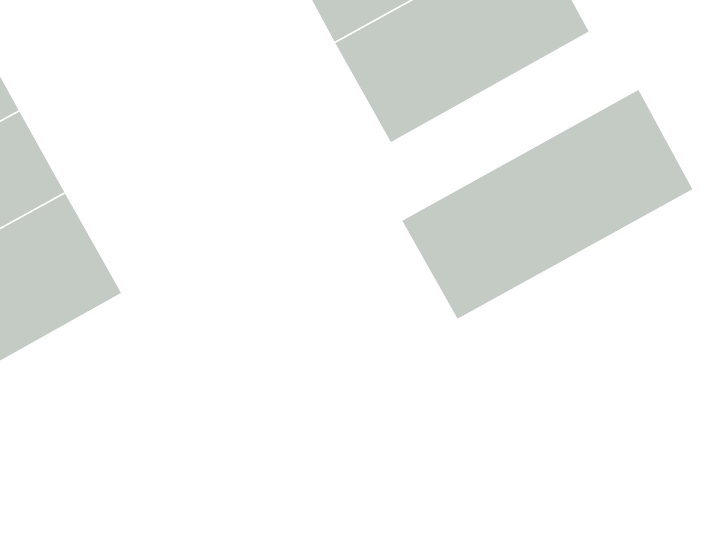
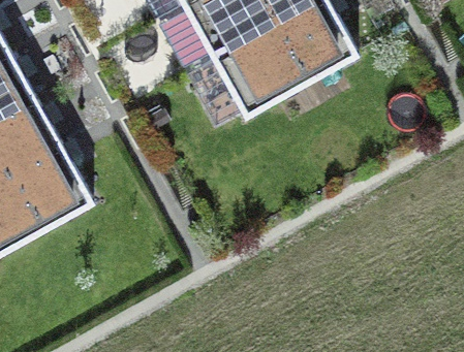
building: [401,89,694,320] -> none

